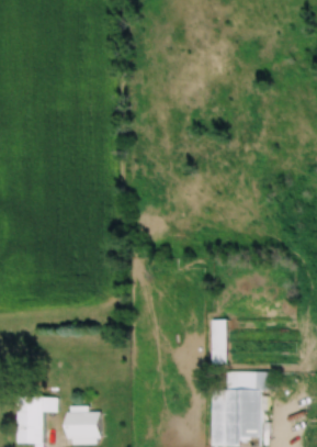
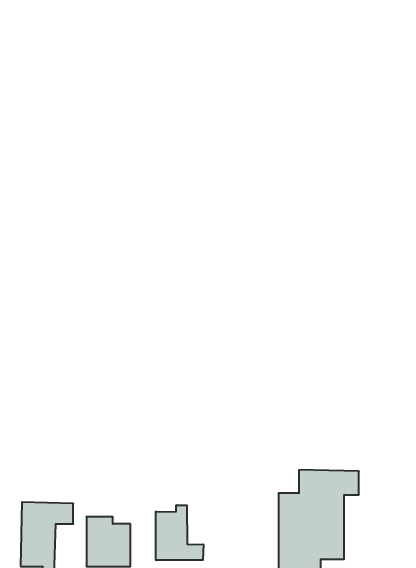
building: [211,319,227,364] -> none
building: none -> [156,505,203,560]

